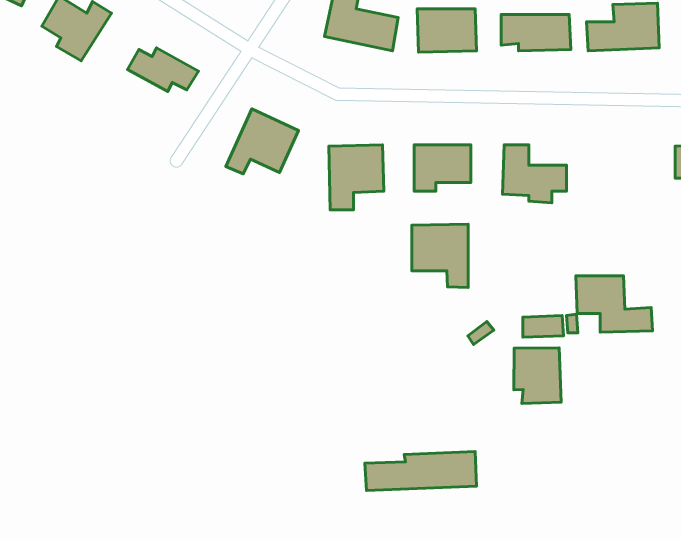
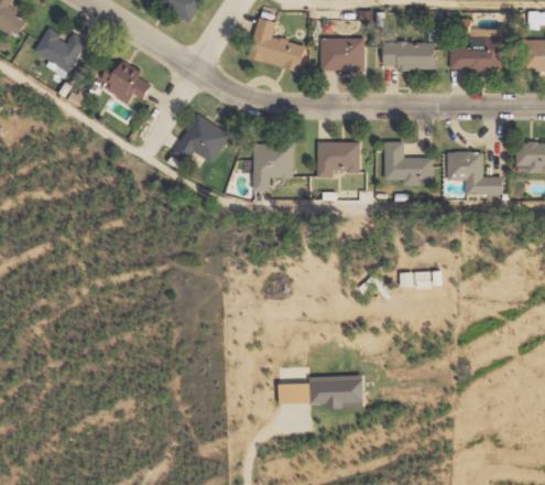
building: [412,224,468,287] -> none
building: [576,276,652,332] -> [446,152,504,195]
building: [514,348,561,404] -> none

